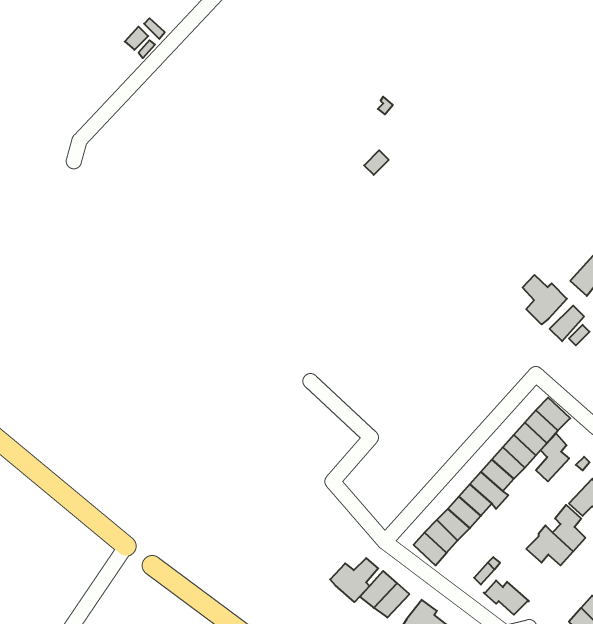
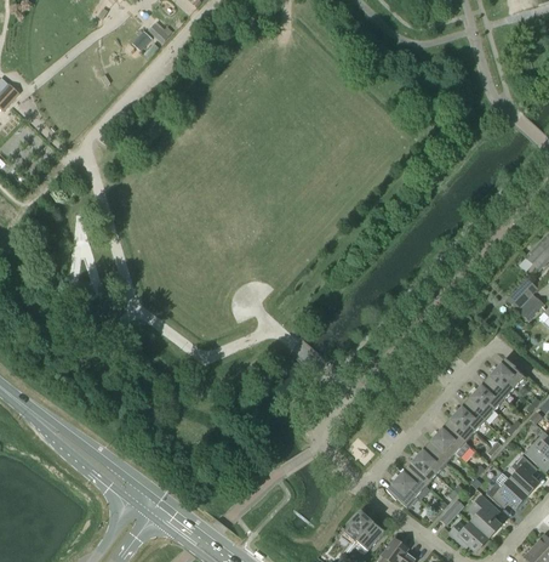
building: [523,275,567,324] -> none
building: [536,434,569,481] -> none
building: none -> [469,495,501,539]
building: [330,558,378,602] -> none

